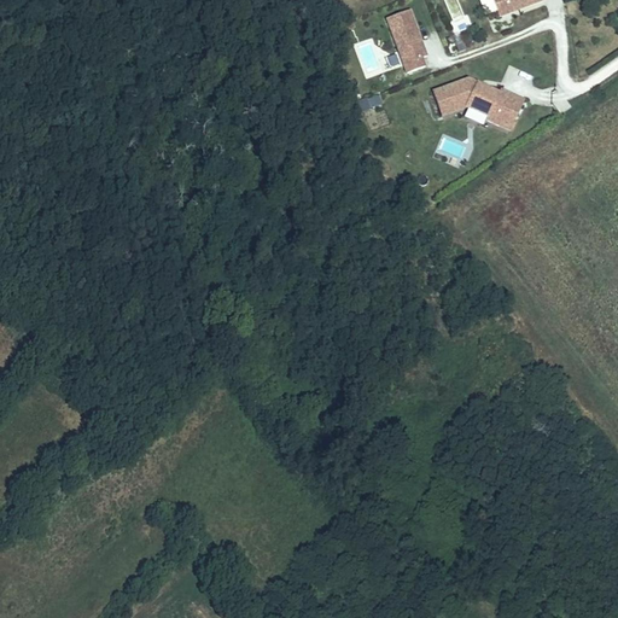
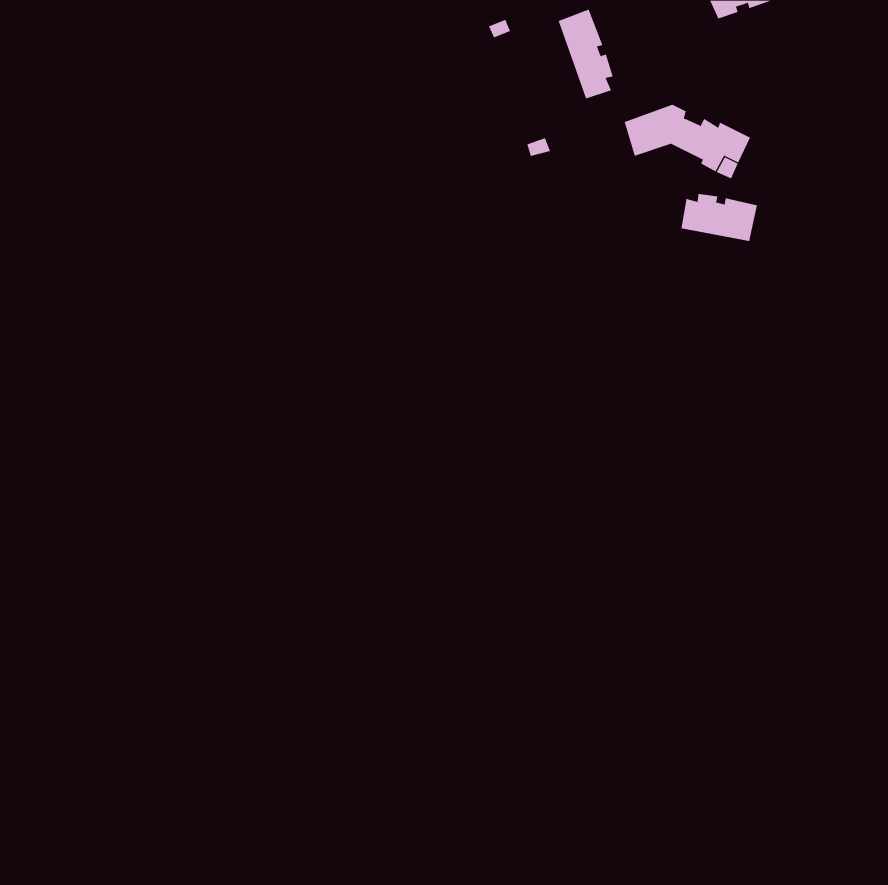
building: none -> [681,193,758,242]

